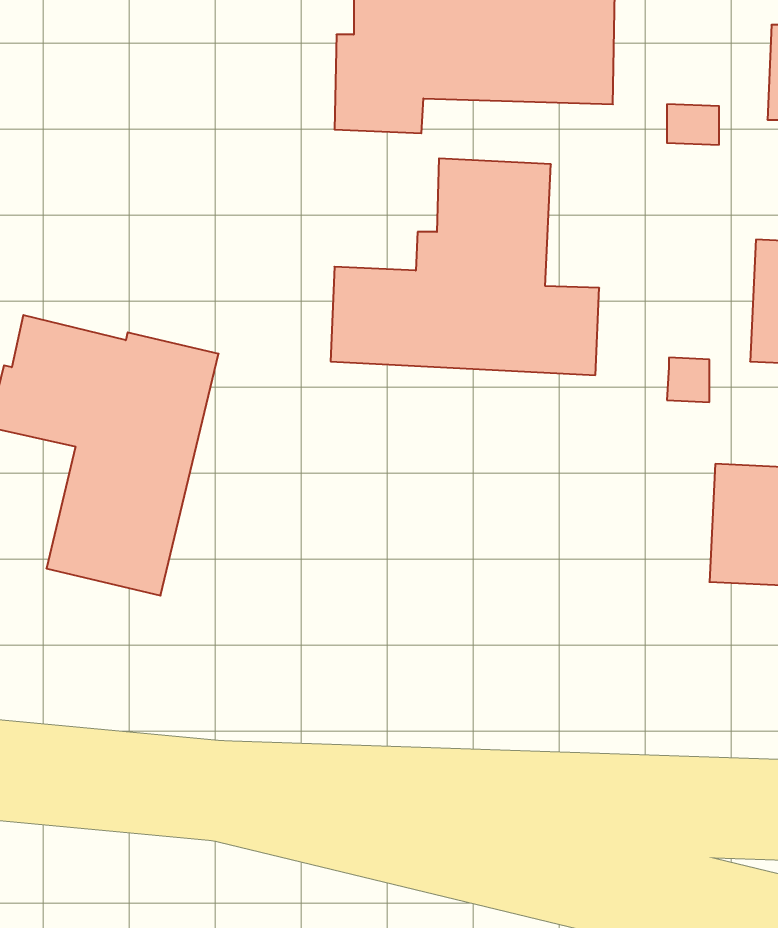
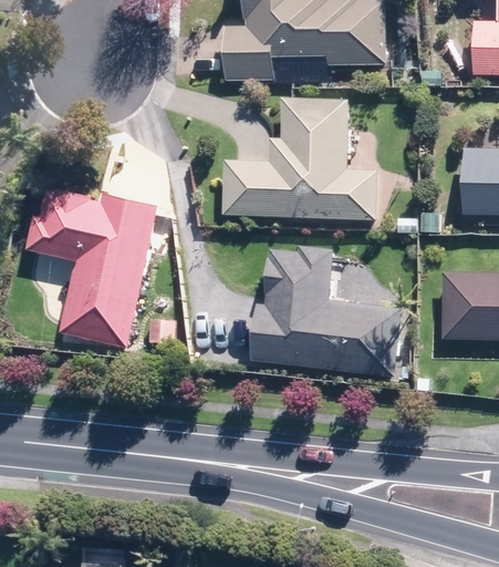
building: none -> [252,249,398,372]

